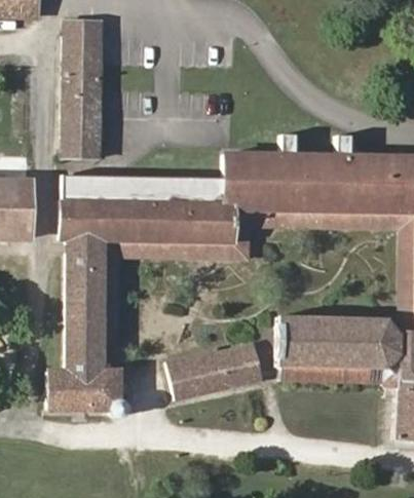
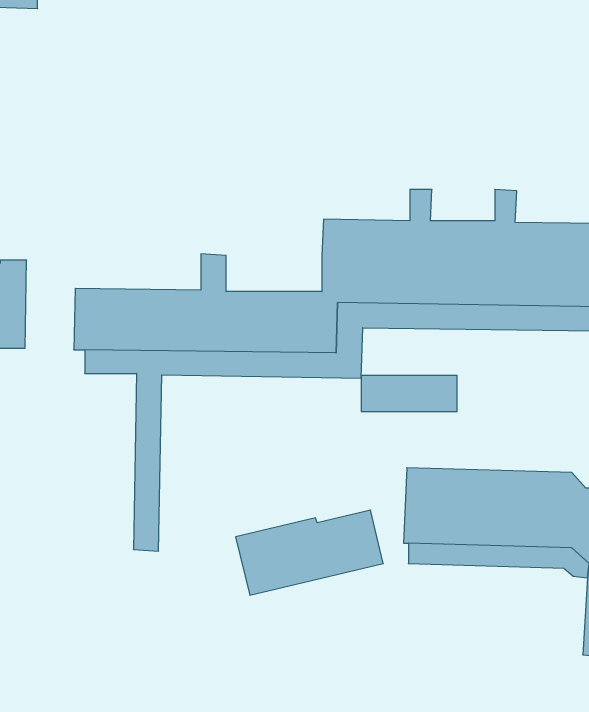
building: [64,21,100,157] -> none
building: [62,176,144,200] -> none
building: [160,178,223,201] -> [361,375,457,412]
building: [47,255,125,417] -> none

